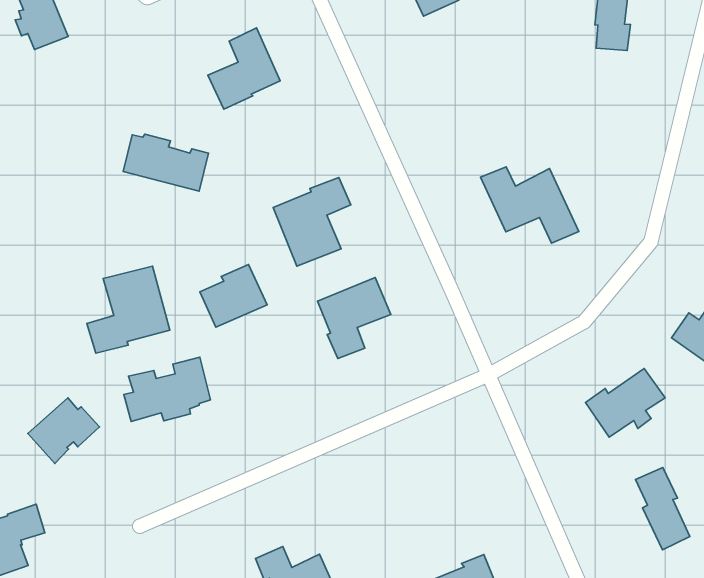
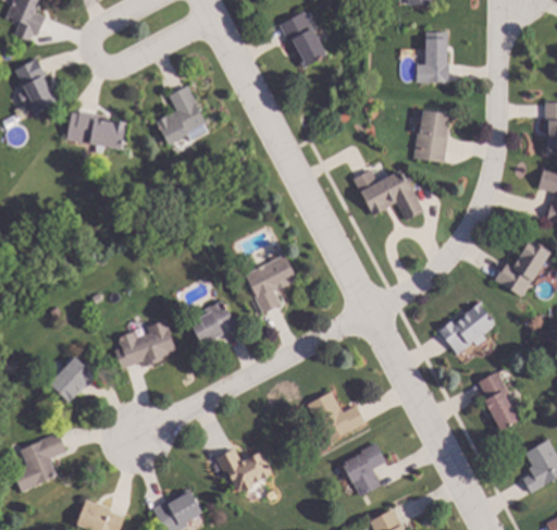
building: none -> [412,109,448,163]
building: [123,134,208,191] -> [66,112,125,149]
building: [273,178,351,266] -> none
building: [200,265,267,327] -> [189,300,237,346]
building: [87,266,170,353] -> none
building: none -> [307,392,364,444]

